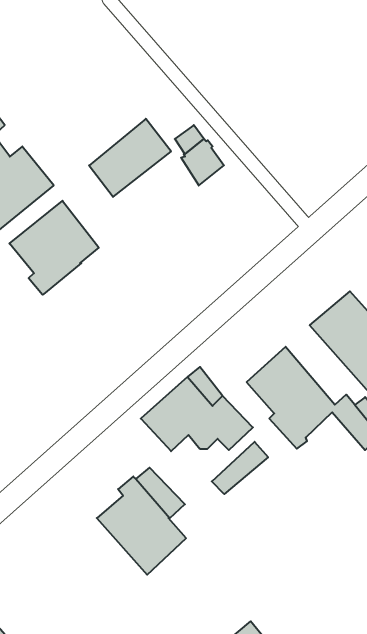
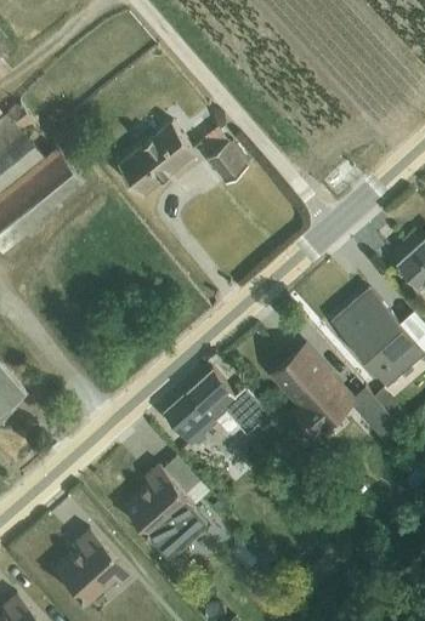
building: [9,201,99,295] -> none
building: [212,442,268,494] -> none
building: none -> [50,530,129,608]

